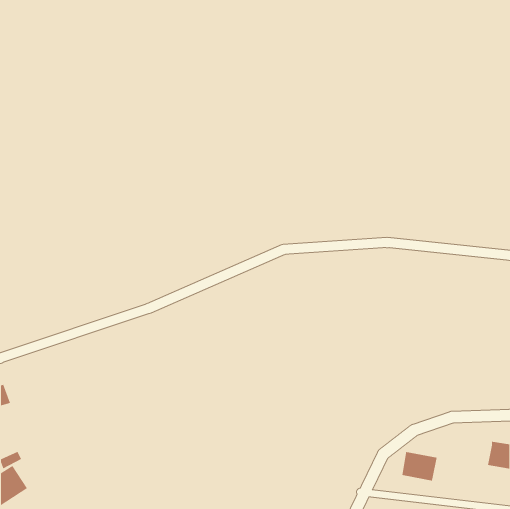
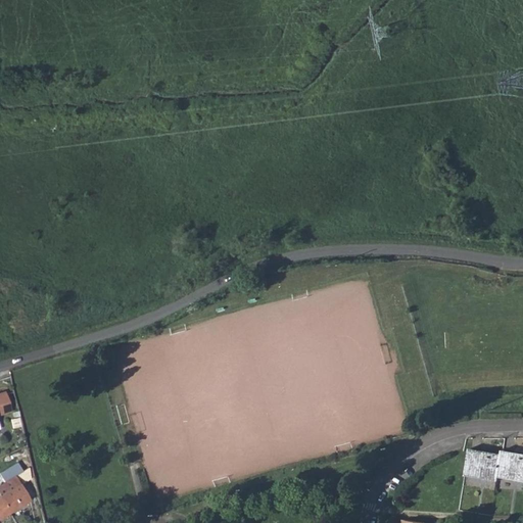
building: [402,451,438,481] -> [466,450,503,481]

